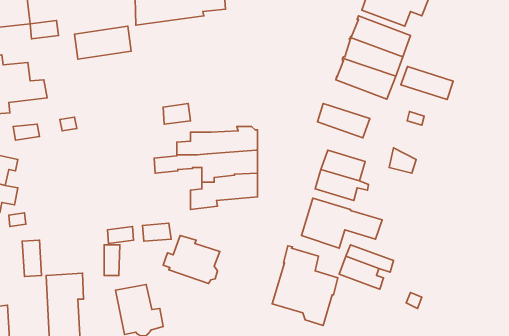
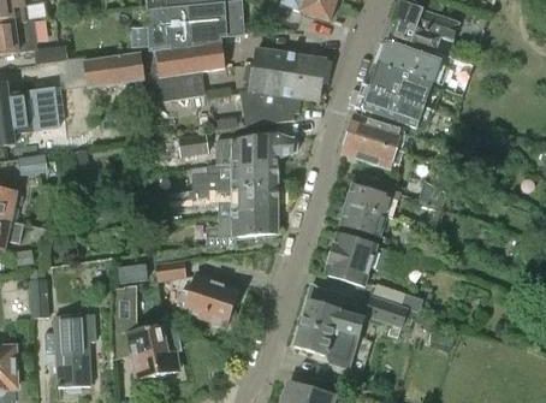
building: none -> [146,41,225,103]
building: none -> [241,47,326,125]
building: [401,67,453,100] -> [348,114,403,149]
building: none -> [218,132,298,164]

